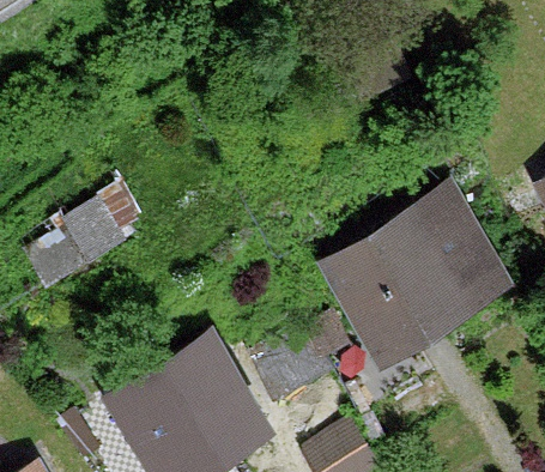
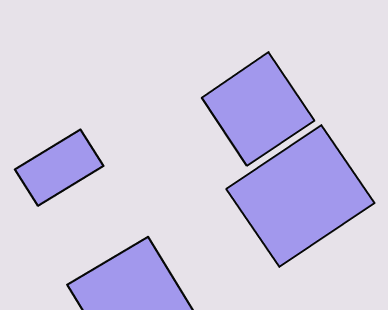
building: none -> [202,52,314,166]

